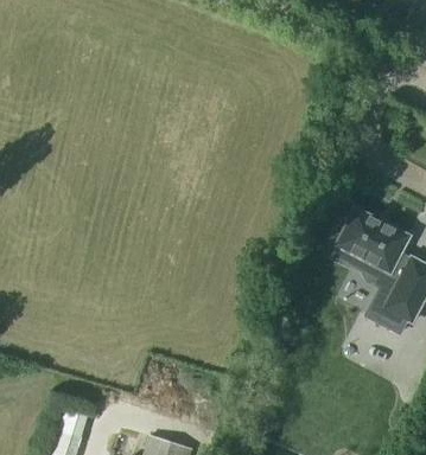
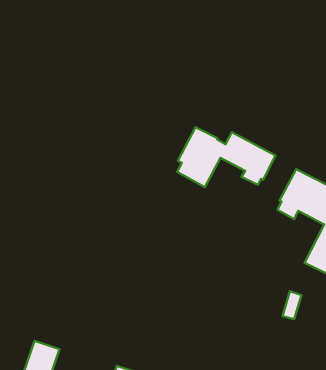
building: none -> [177,127,276,187]

